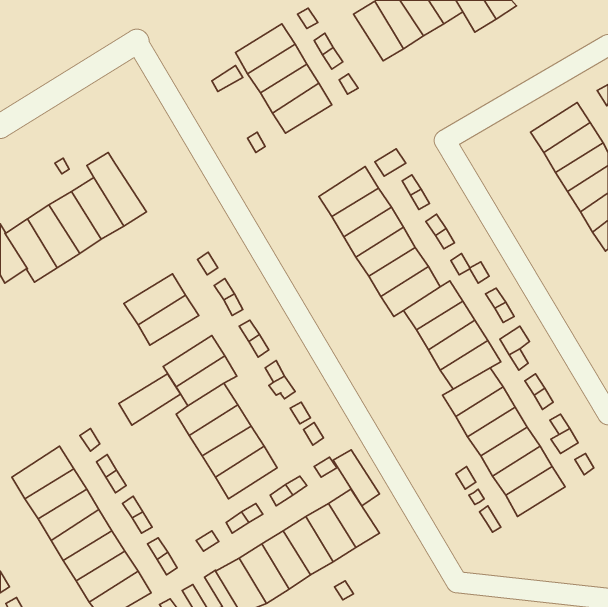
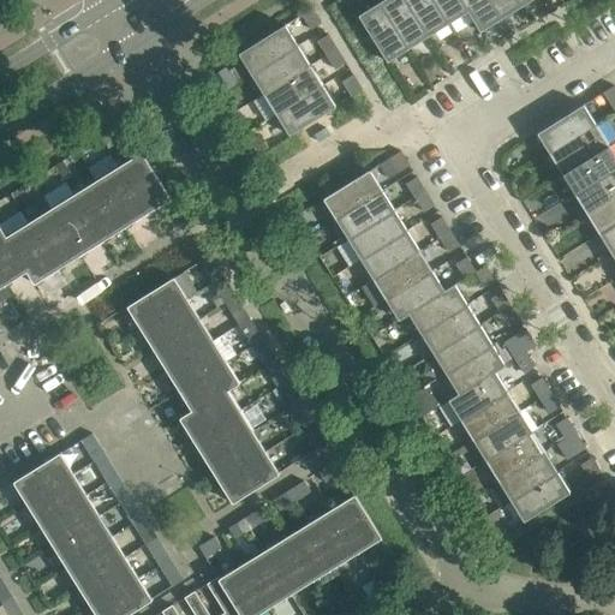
building: none -> [117,151,172,215]
building: [119,374,181,425] -> [151,320,214,371]
building: [333,450,379,506] -> none

